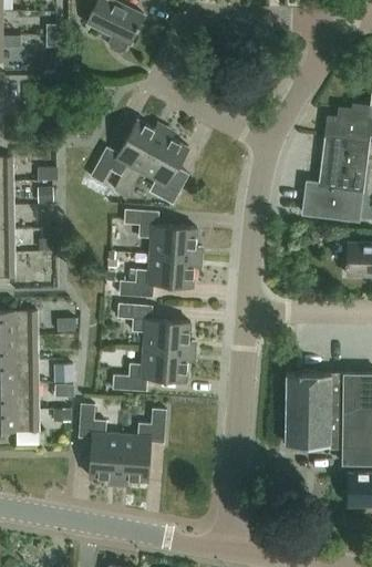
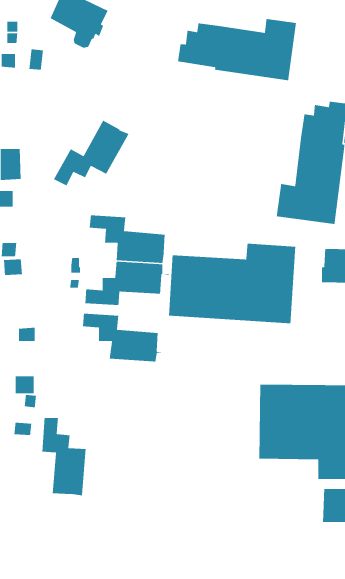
building: none -> [177,18,297,81]
building: [141,127,188,204] -> none
building: none -> [168,243,296,324]
building: [113,349,195,392] -> none
building: [117,409,166,487] -> none

